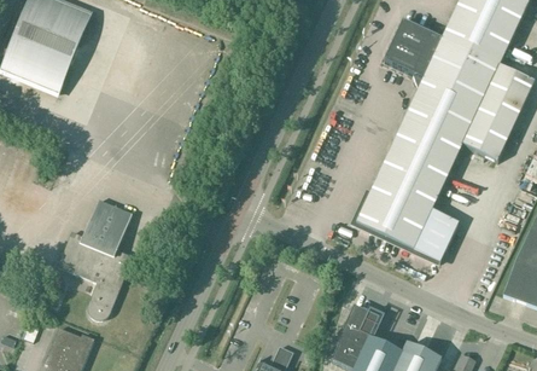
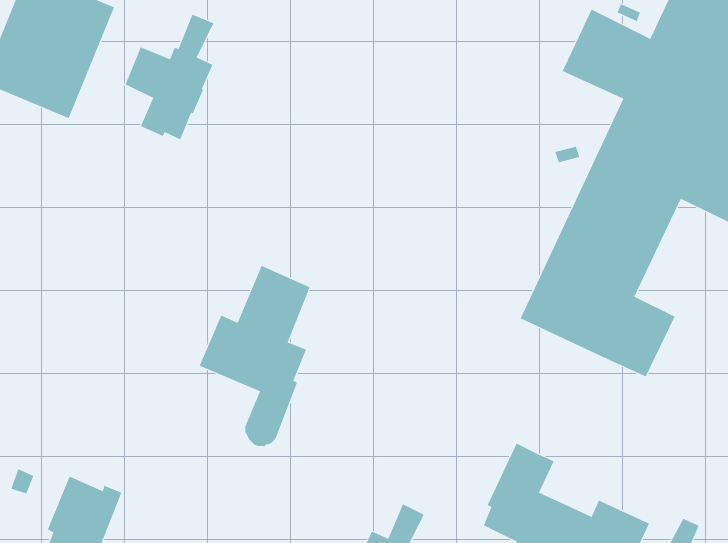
building: none -> [125,14,214,140]
building: [58,198,132,318] -> [199,265,311,447]

